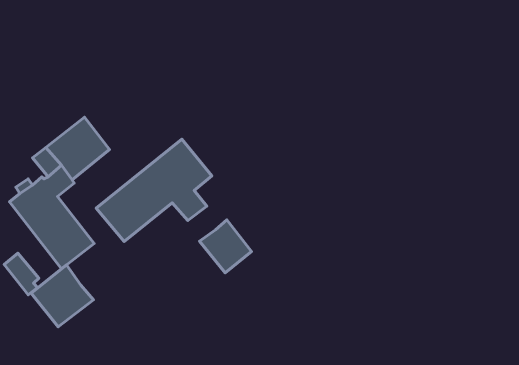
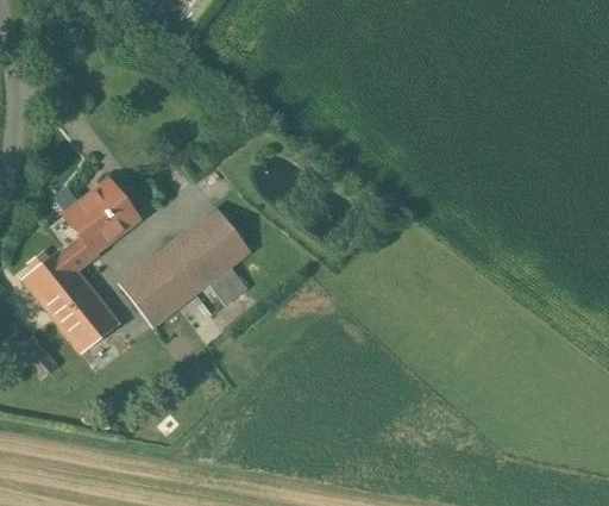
building: [200,220,252,273] -> none
building: [31,265,93,327] -> none

